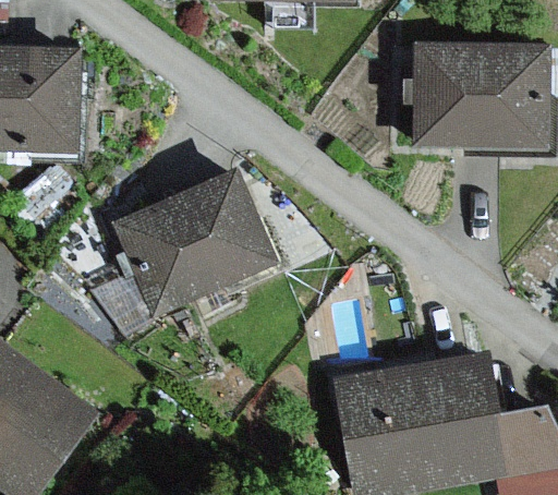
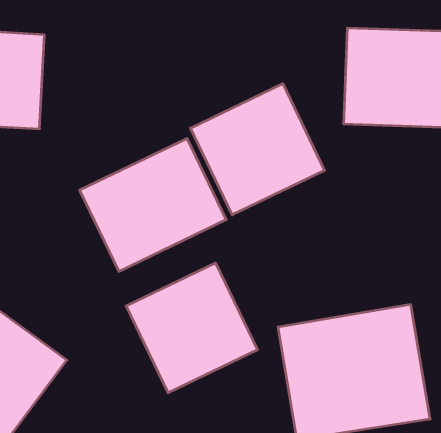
building: none -> [190,84,325,215]
building: none -> [126,263,257,393]

